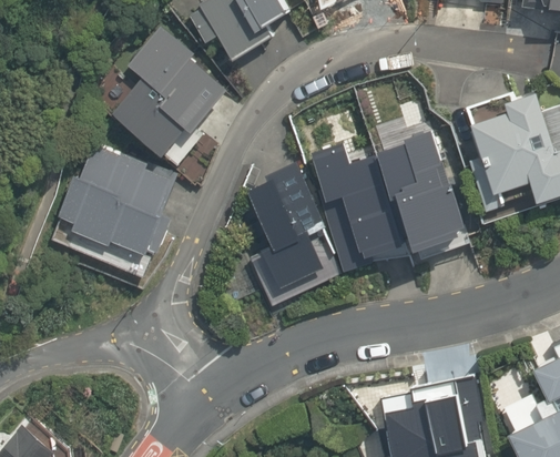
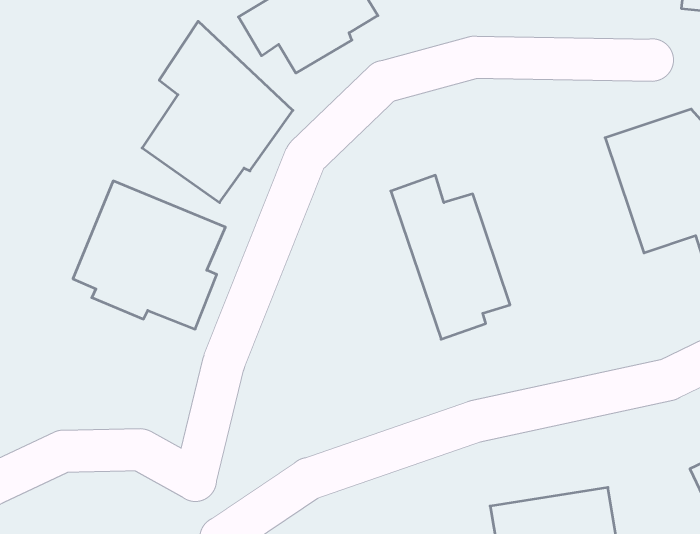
building: [371,120,469,248] -> none
building: [248,169,326,297] -> none

